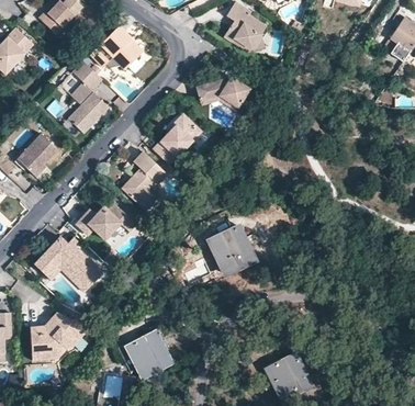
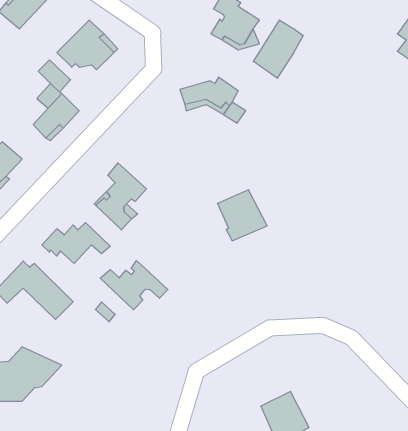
building: none -> [253,20,303,78]
building: [154,114,201,165] -> none
building: [211,225,255,270] -> [217,190,267,241]
building: none -> [100,261,168,310]
building: [128,330,171,377] -> none

